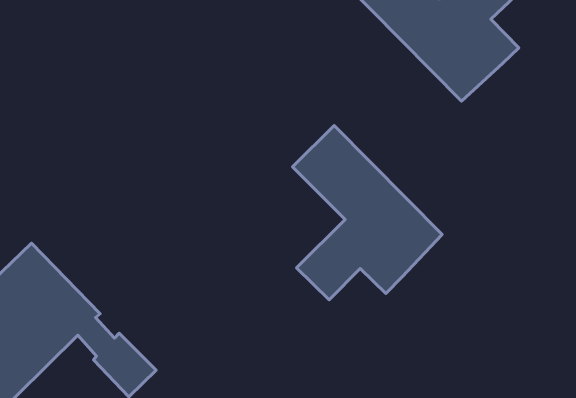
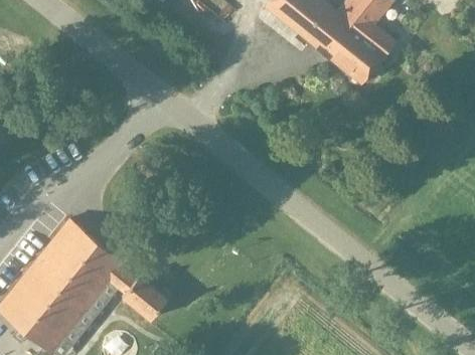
building: [293,125,442,300] -> none

